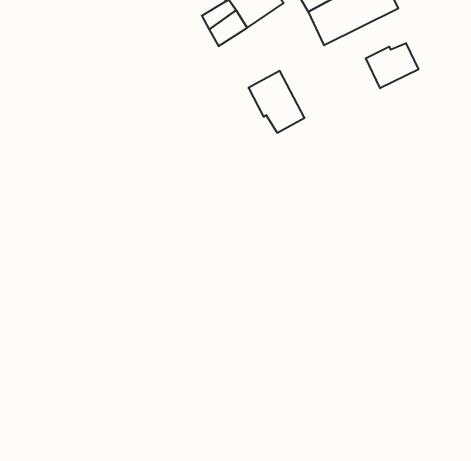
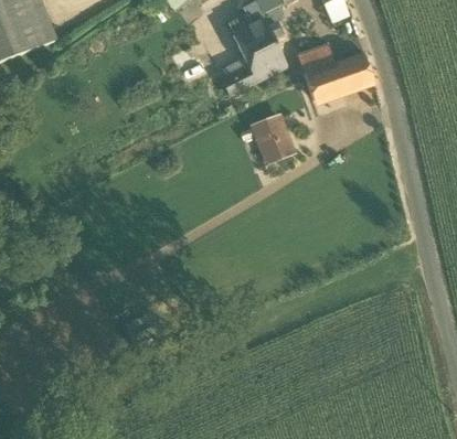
building: [366,43,418,88] -> none

